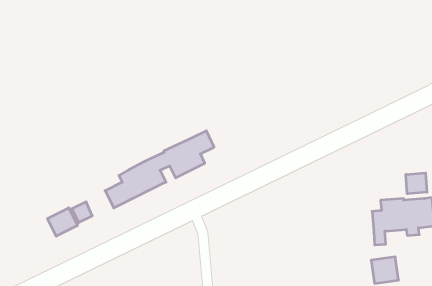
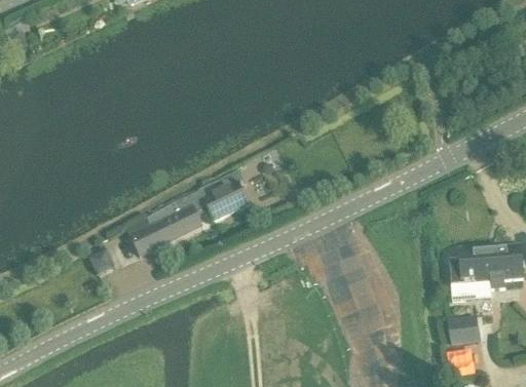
building: [406,173,427,194] -> none
building: [48,208,77,236] -> none

